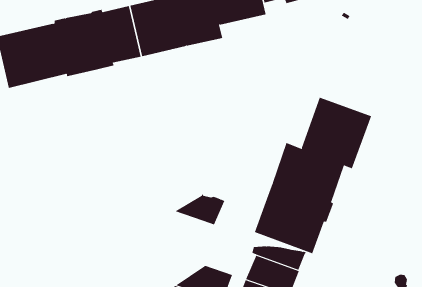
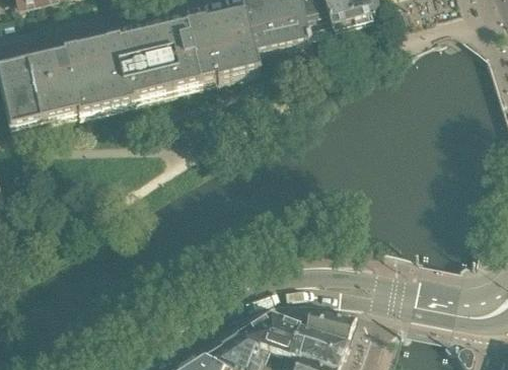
building: [254,97,372,254] -> none
building: [174,194,225,225] -> [238,308,297,345]

